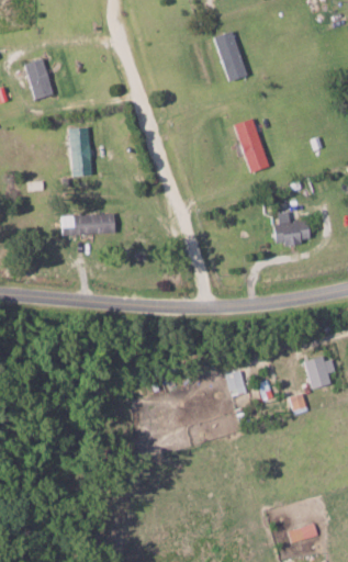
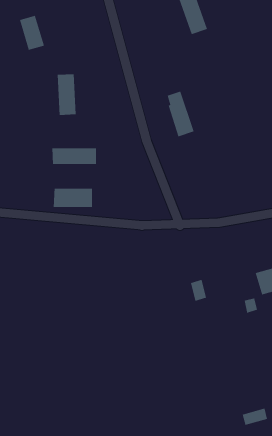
building: [236,119,269,173] -> [167,91,195,137]
building: [271,215,310,246] -> none
building: none -> [53,188,92,208]

